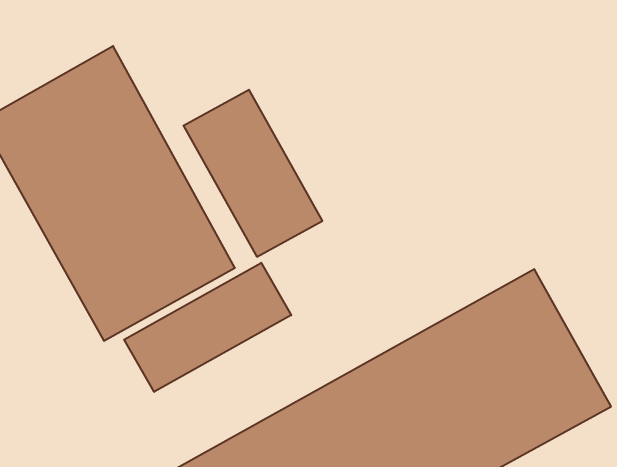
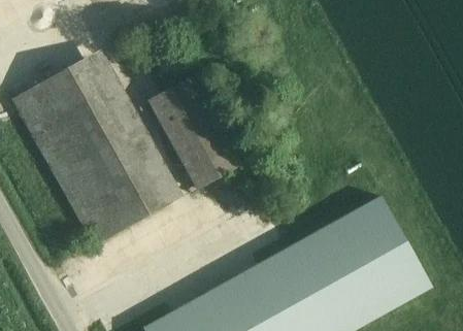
building: [124,263,291,392] -> none

